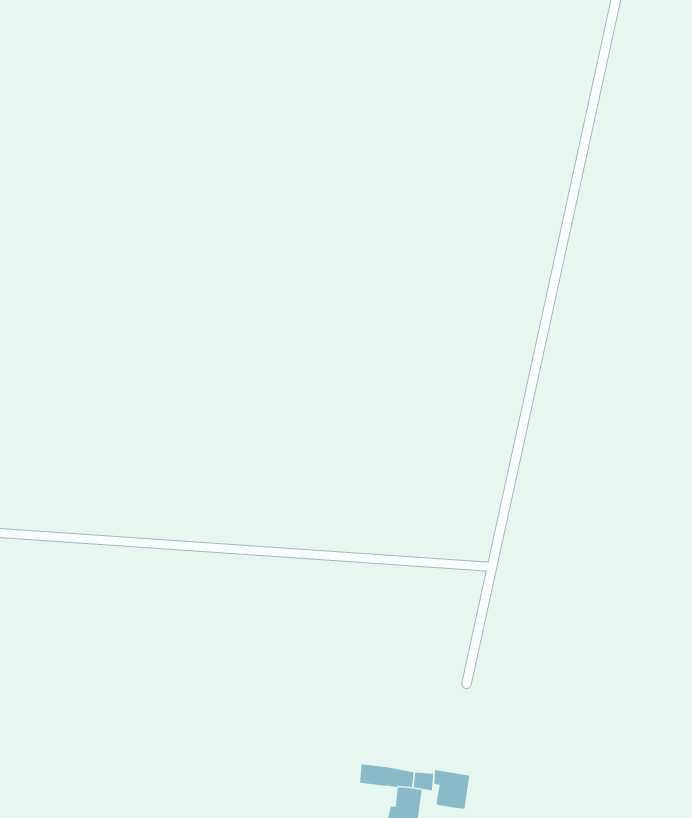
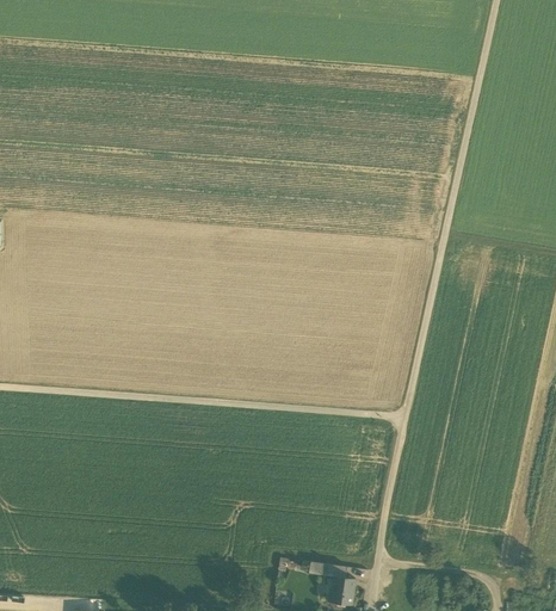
building: [433,769,470,810] -> none

